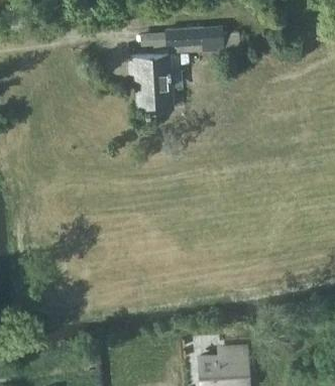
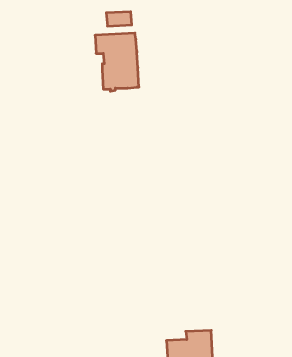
building: [165,27,239,51] -> none

